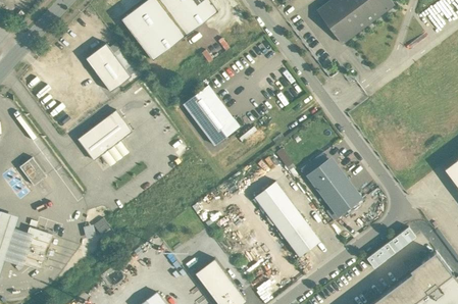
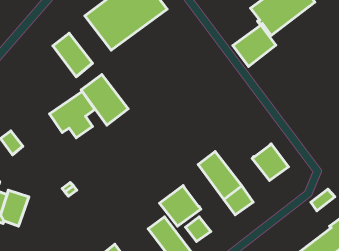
building: none -> [233,25,276,67]
building: [183,86,239,146] -> [81,75,128,125]
building: [305,160,339,188] -> none
building: none -> [160,185,201,226]
building: none -> [186,217,211,242]

